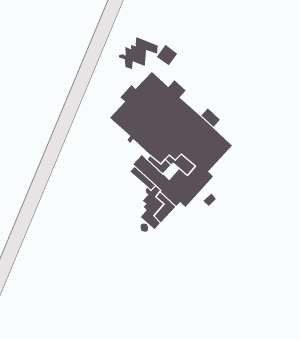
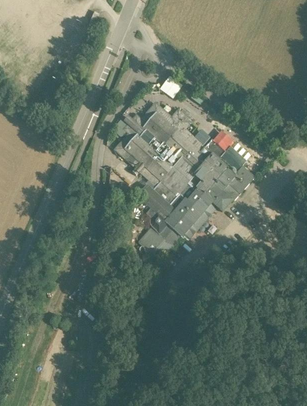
building: [118,36,158,70] -> none
building: none -> [213,165,255,211]

